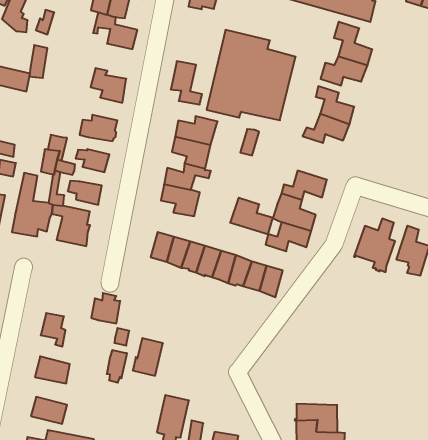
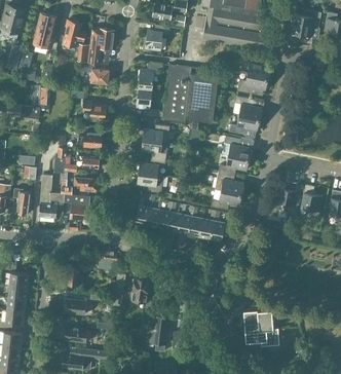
building: none -> [138,63,161,89]
building: [230,198,273,234] -> [221,136,250,158]

